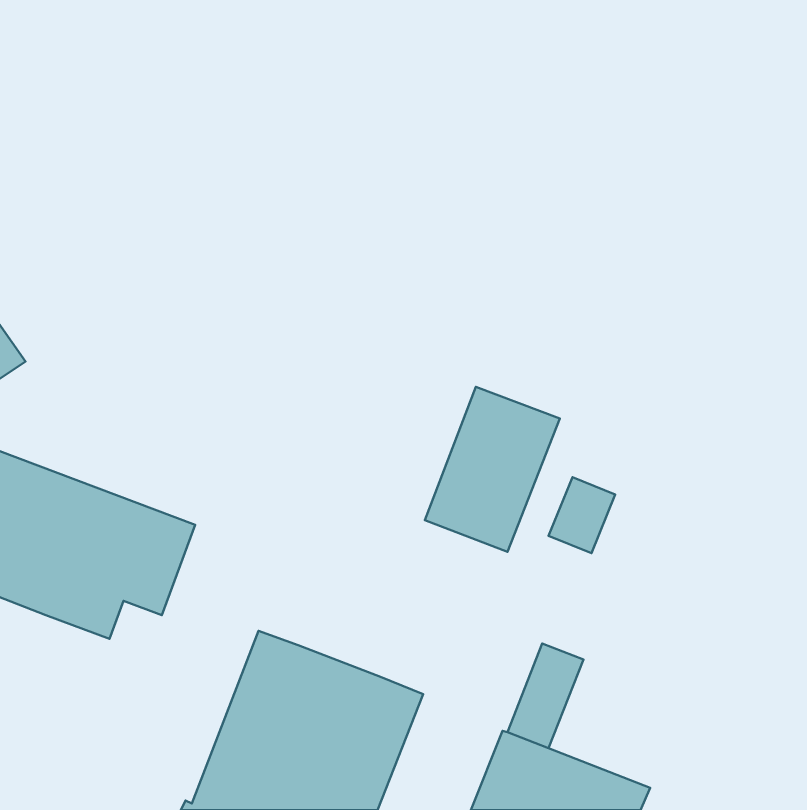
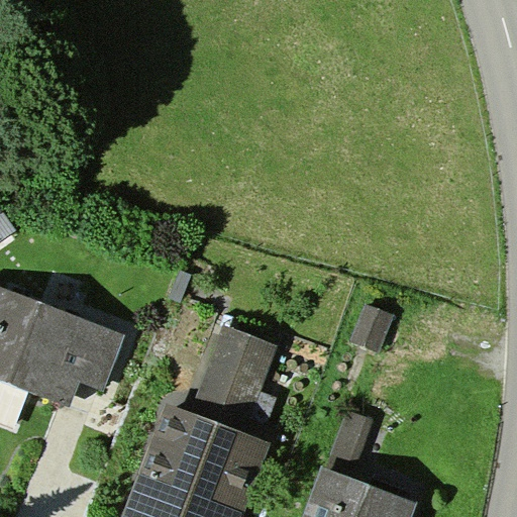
building: [425,387,560,552] -> [190,326,276,431]

